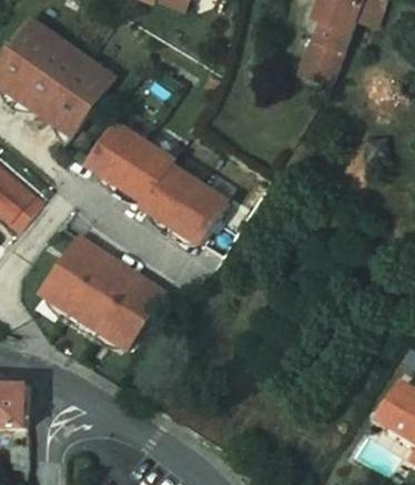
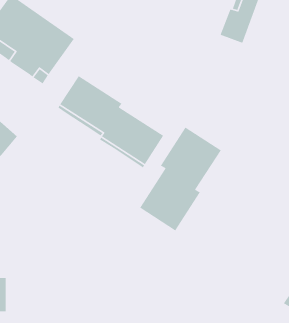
building: none -> [139,127,222,231]
building: [41,236,162,347] -> none

